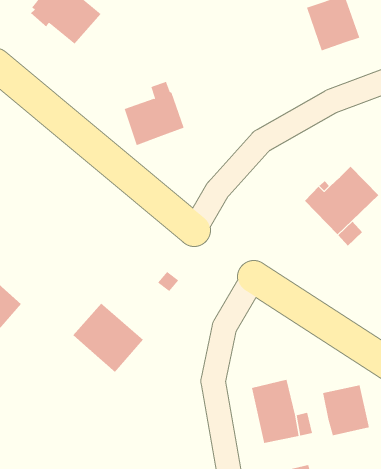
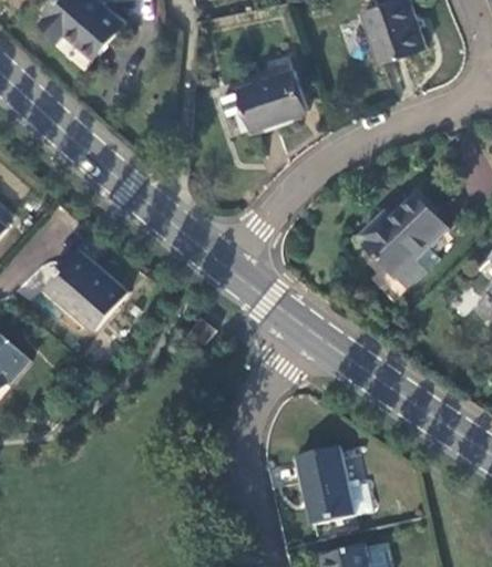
building: [124,81,185,146] -> [234,56,305,132]
building: [73,303,144,373] -> [41,247,124,329]
building: [323,385,369,436] -> none

